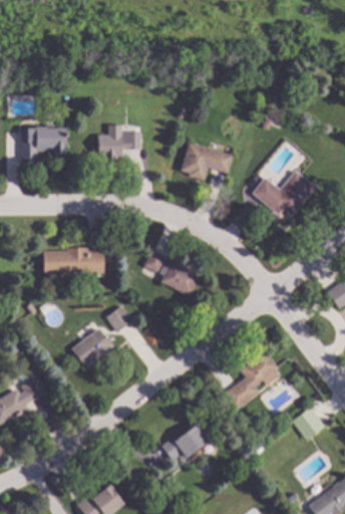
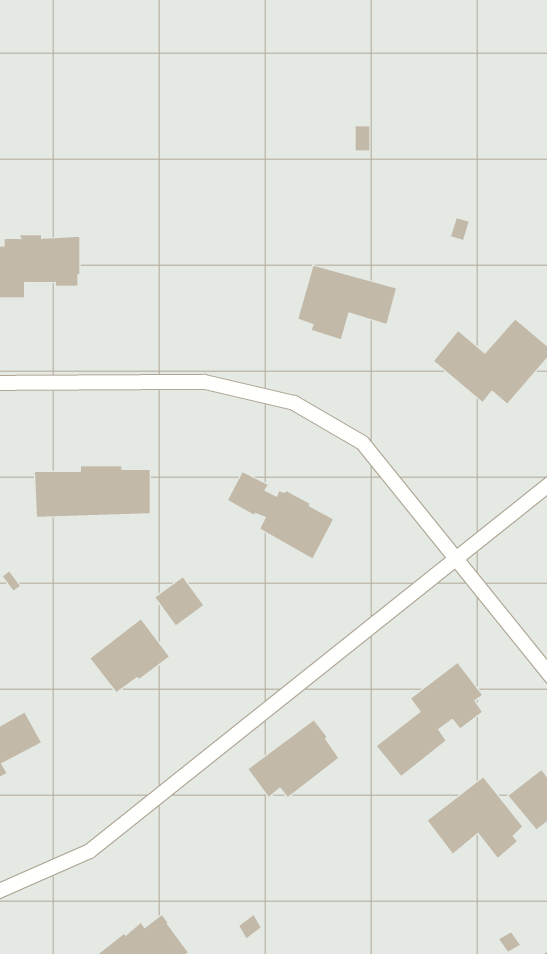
building: [97,123,141,162] -> none
building: none -> [427,776,523,859]
building: [160,420,209,461] -> [247,720,339,798]

